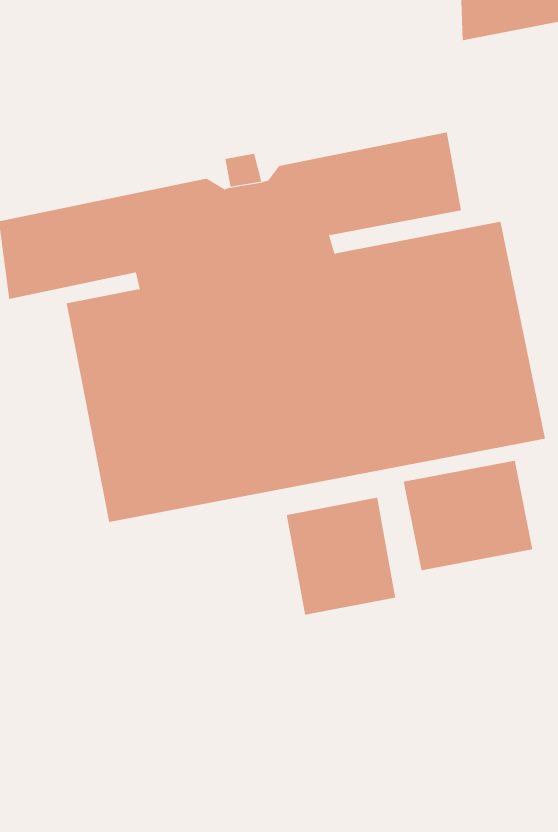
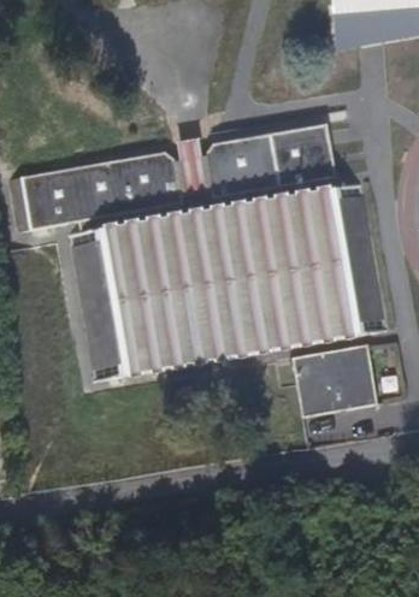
building: [286,497,396,616] -> none

